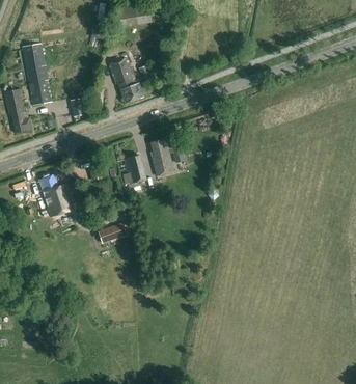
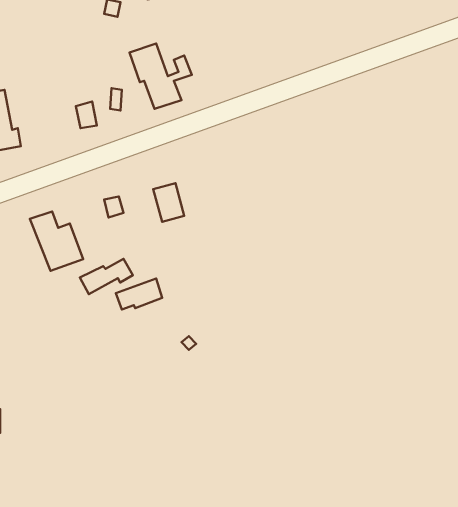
building: [22,44,51,105] -> none
building: [148,139,183,175] -> none
building: none -> [80,259,133,294]

